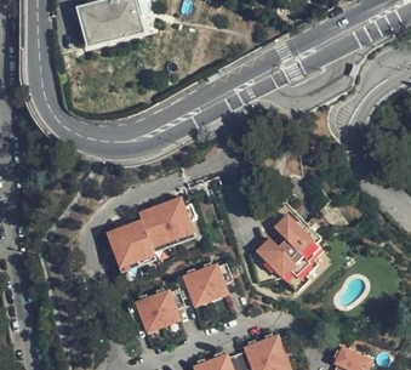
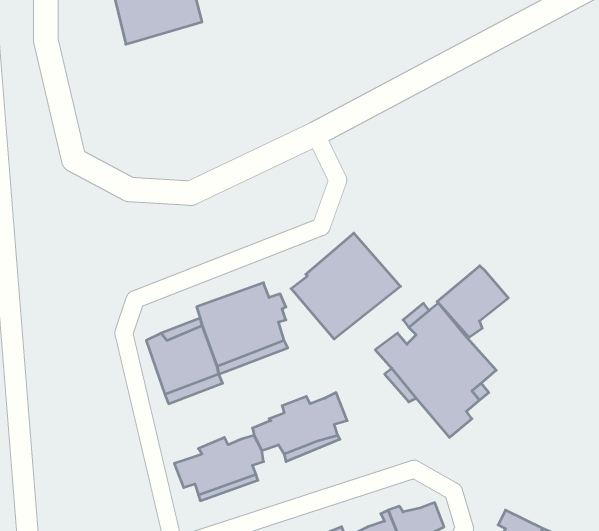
building: none -> [291,233,401,339]
building: none -> [437,266,508,338]

